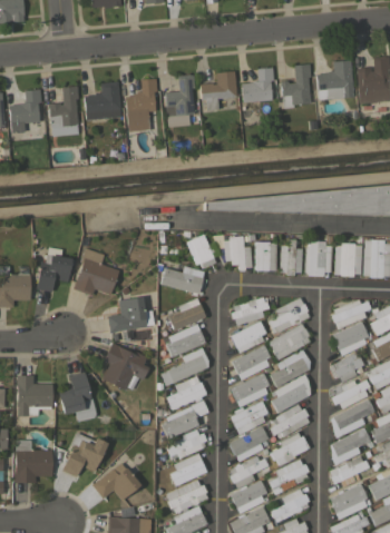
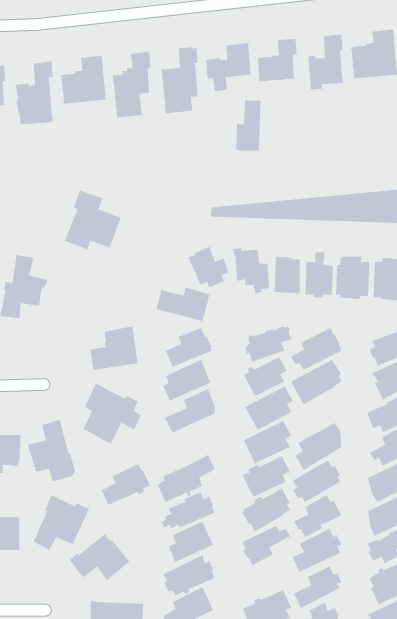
building: none -> [236,100,261,152]
building: [74,248,119,296] -> [64,190,121,250]
building: [270,349,311,387] -> none
building: [166,376,206,409] -> [101,464,151,505]
building: [231,481,266,514] -> none

